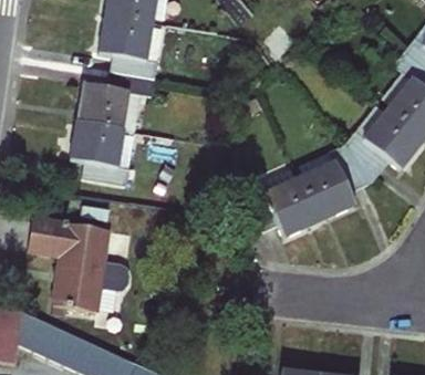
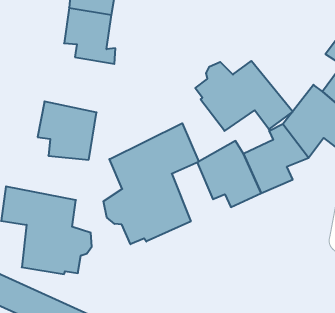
building: [76,69,155,131] -> none
building: none -> [195,61,293,131]
building: none -> [104,123,199,244]

